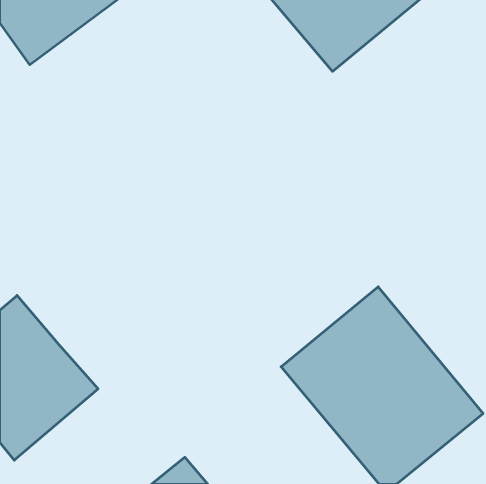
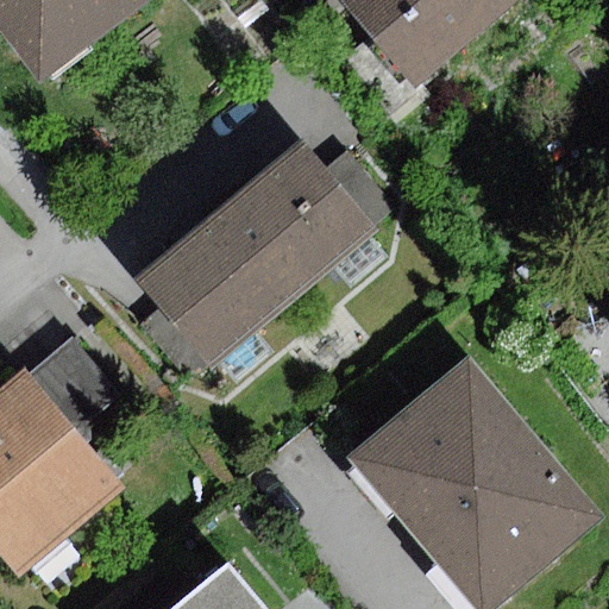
building: none -> [132,140,375,366]
building: none -> [21,331,119,431]

